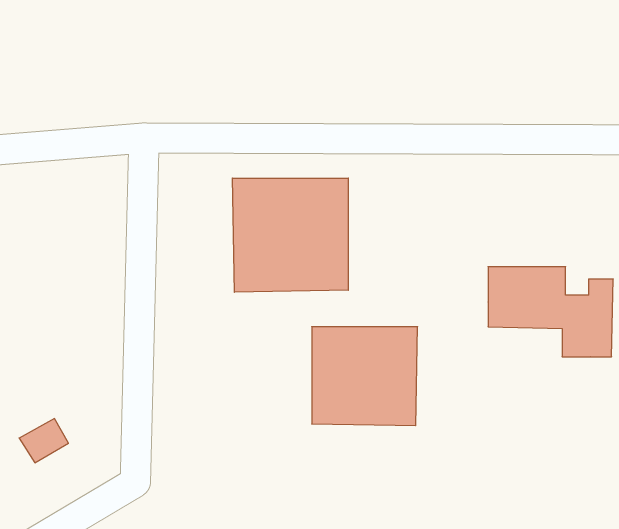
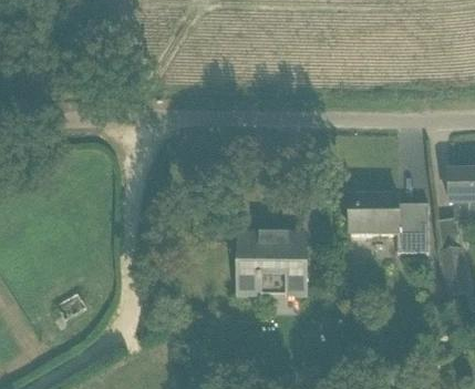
building: [232,178,348,292] -> none

